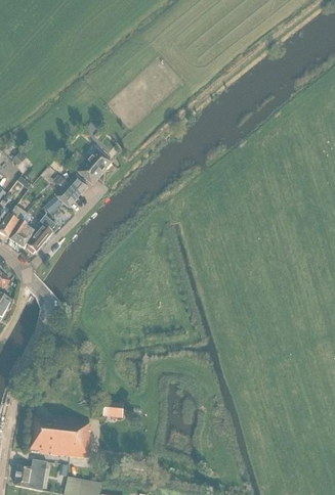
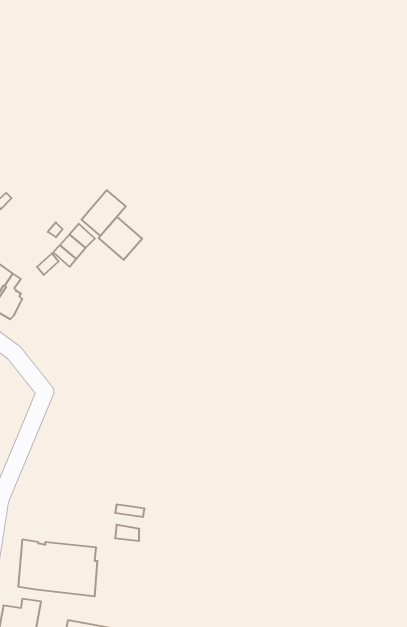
building: none -> [99,217,142,260]
building: [27,221,55,254] -> none

